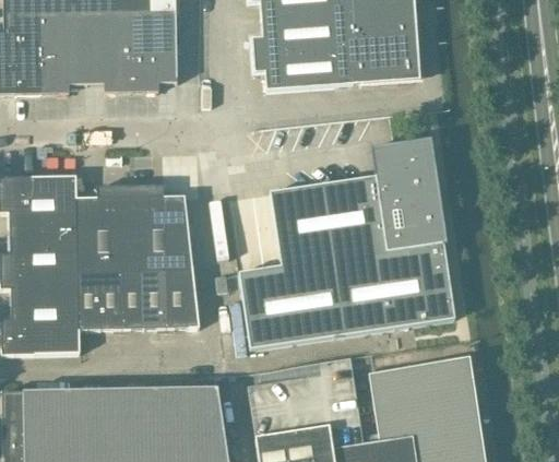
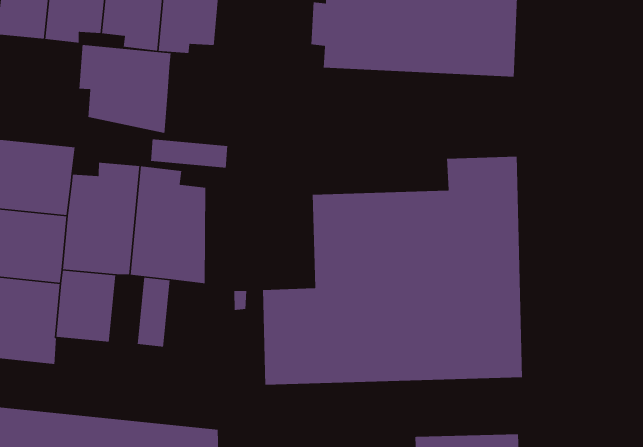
building: none -> [78,44,171,134]
building: none -> [150,139,228,168]
building: [121,273,144,329] -> none
building: [165,273,200,328] -> none

